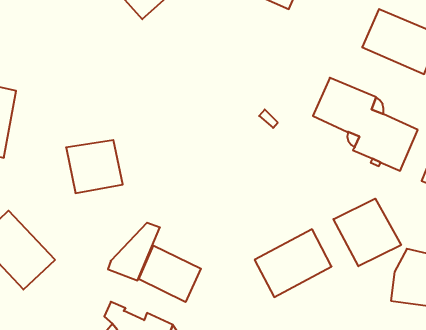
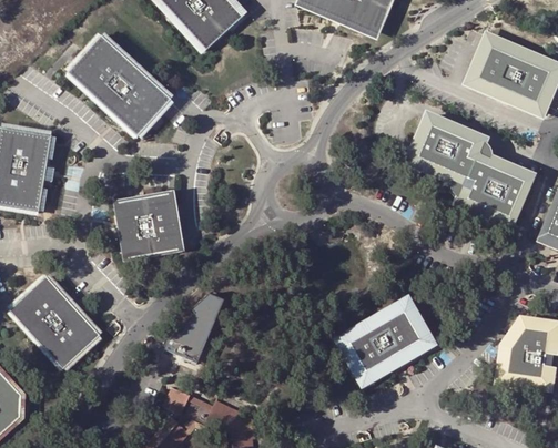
building: none -> [68,32,171,133]
building: [333,199,401,266] -> none
building: [139,245,201,302] -> none

